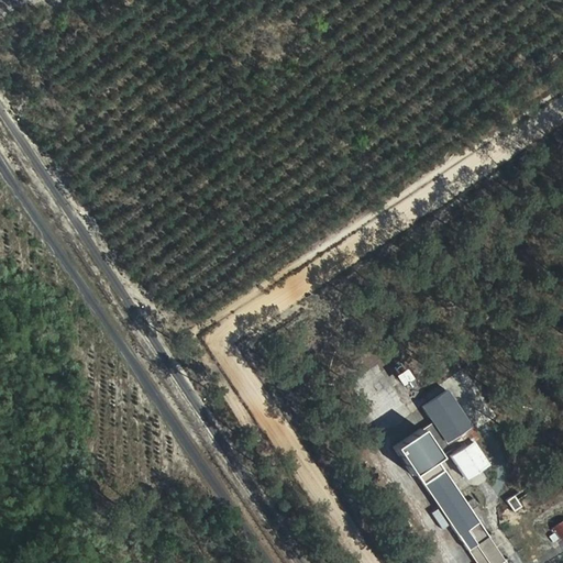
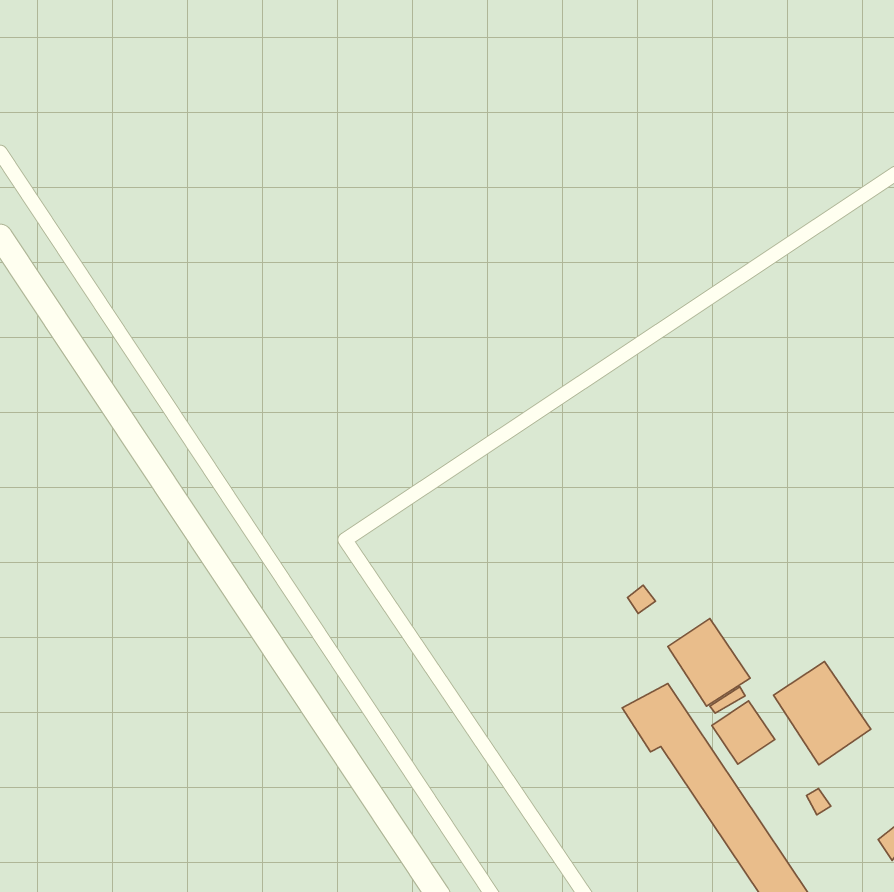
building: none -> [773,661,871,765]

